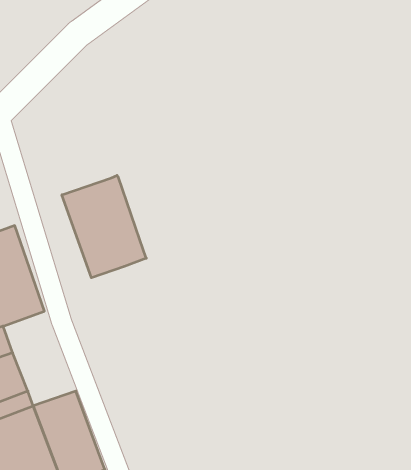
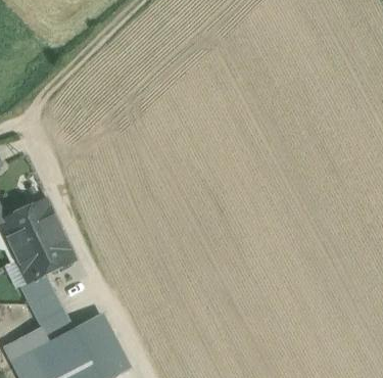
building: [62,175,146,278] -> none

